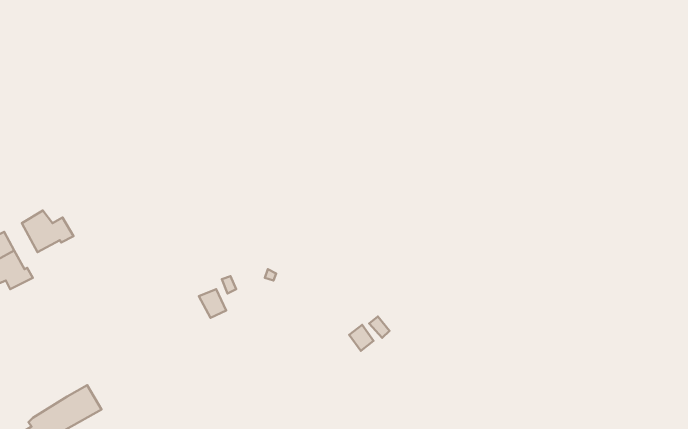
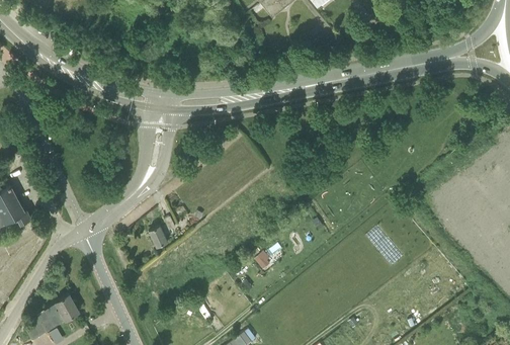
building: [22,210,74,252] -> none

